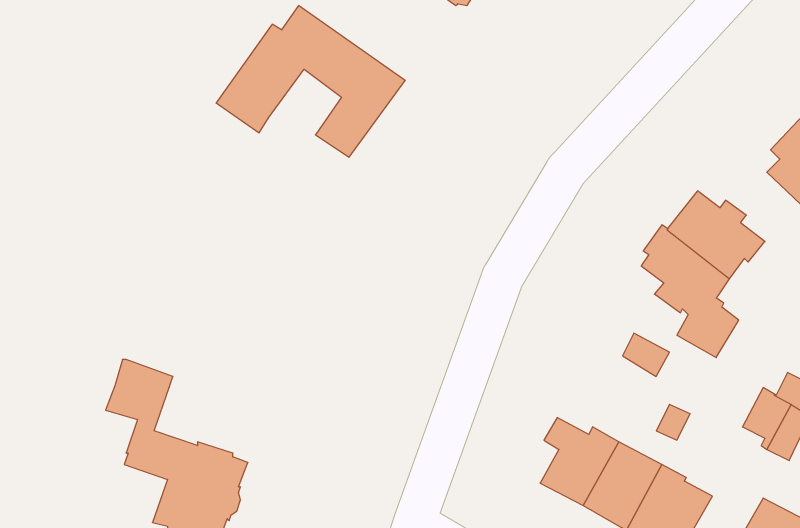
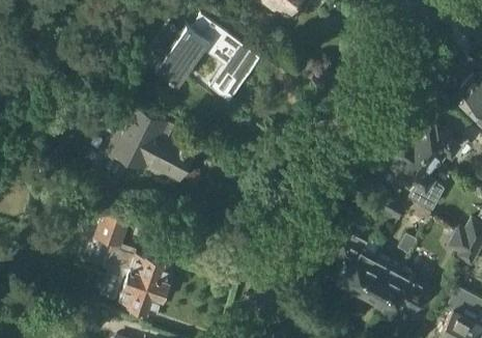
building: none -> [109,108,193,180]

